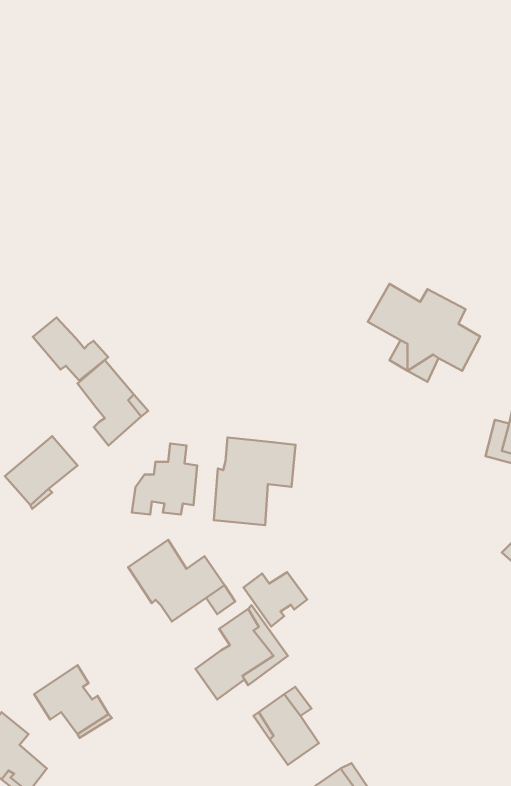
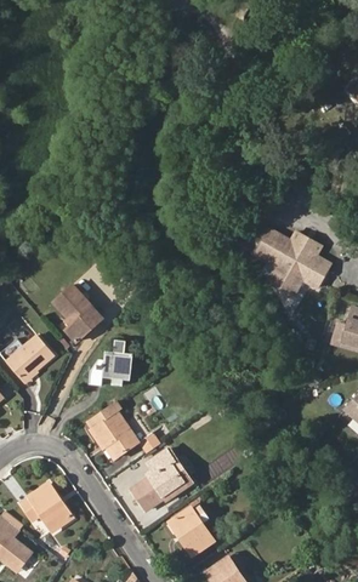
building: [33,317,108,380] -> none
building: [214,438,296,525] -> none
building: [243,572,307,627] -> none

